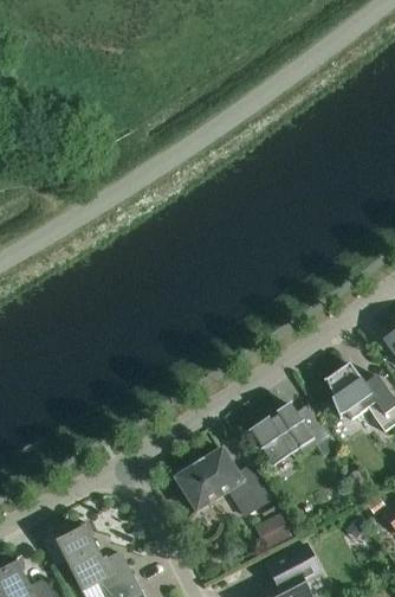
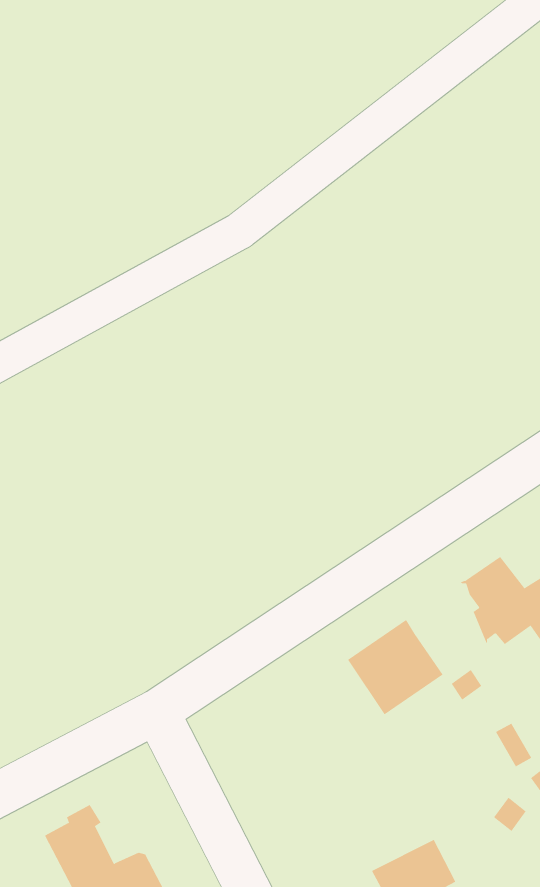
building: [176,448,260,514] -> none
building: [255,512,292,547] -> none

